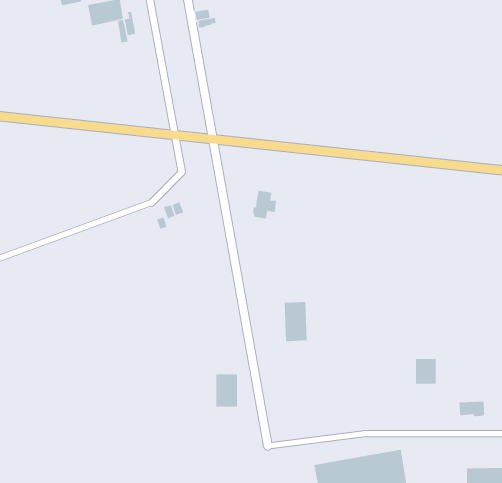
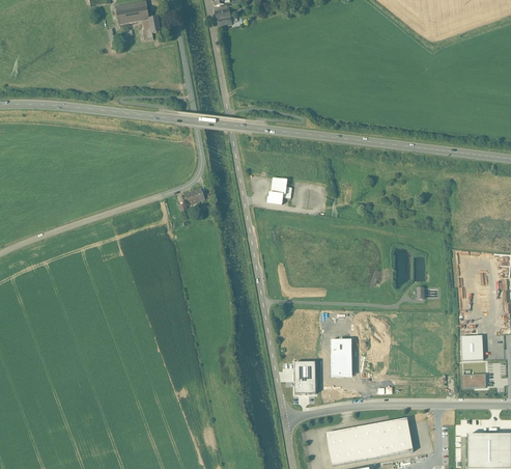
building: [284,302,307,342] -> [331,339,352,377]
building: [415,358,436,384] -> [461,335,481,359]
building: [216,374,238,407] -> [294,361,315,392]

